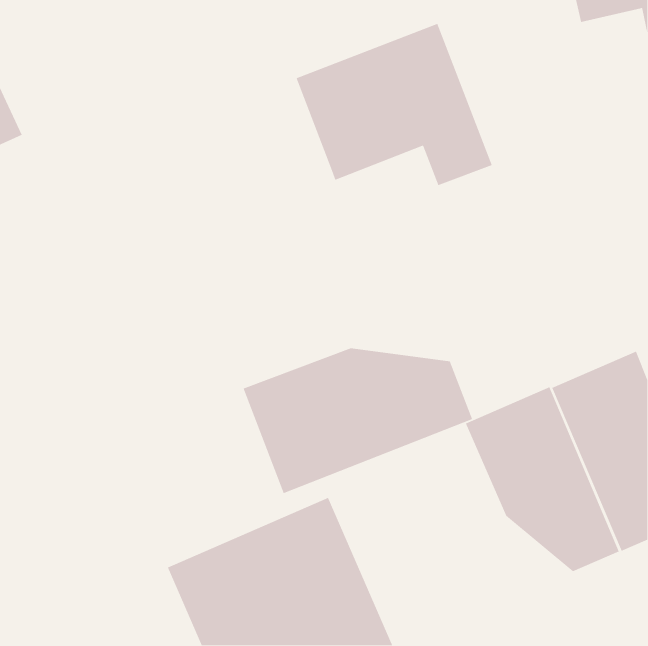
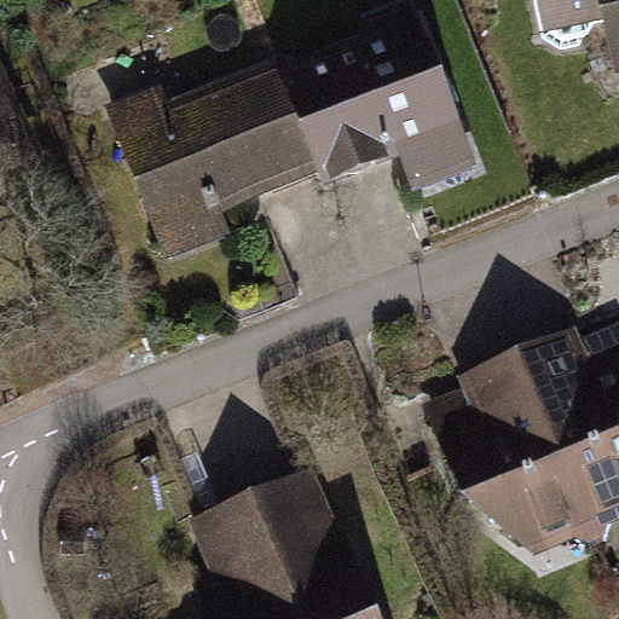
building: none -> [109,65,314,248]
building: [242,348,473,494] -> none

